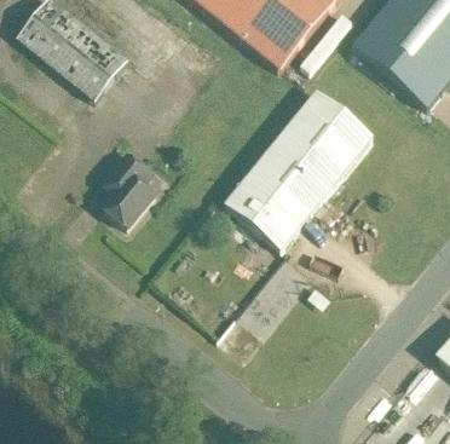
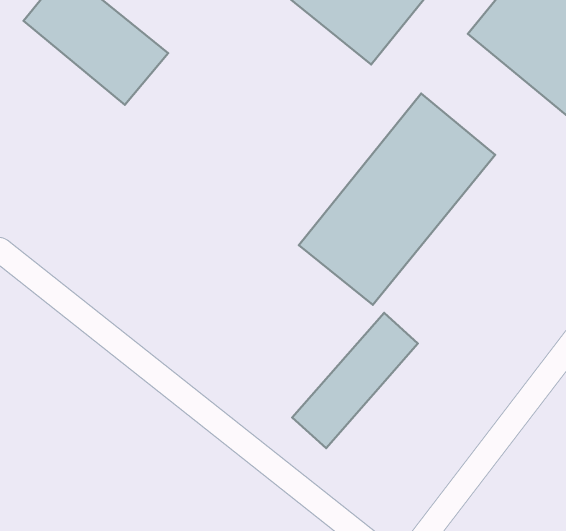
building: [104,151,155,226] -> none

